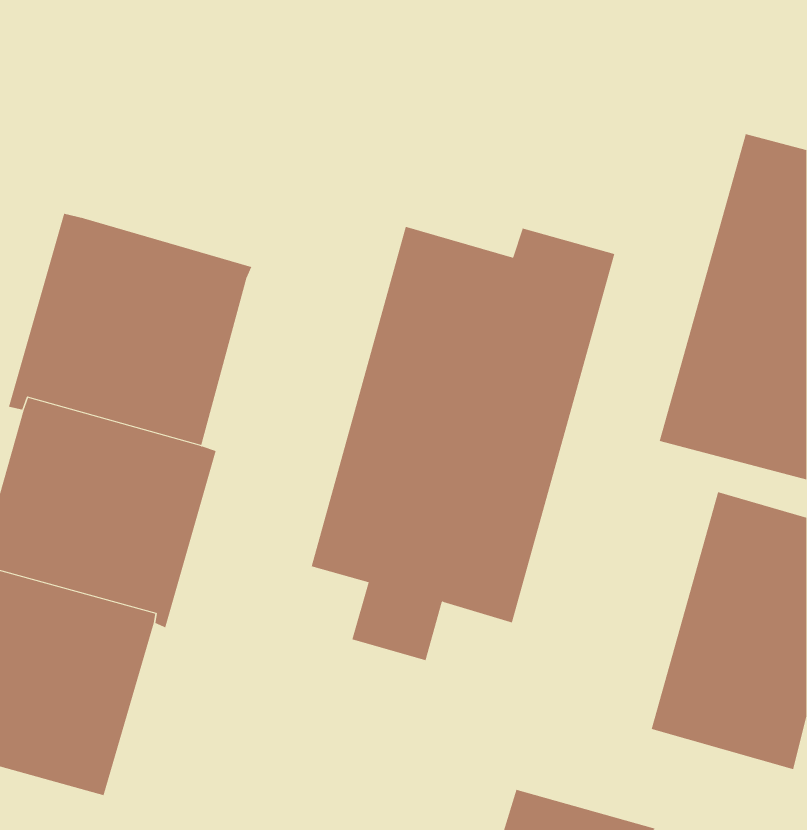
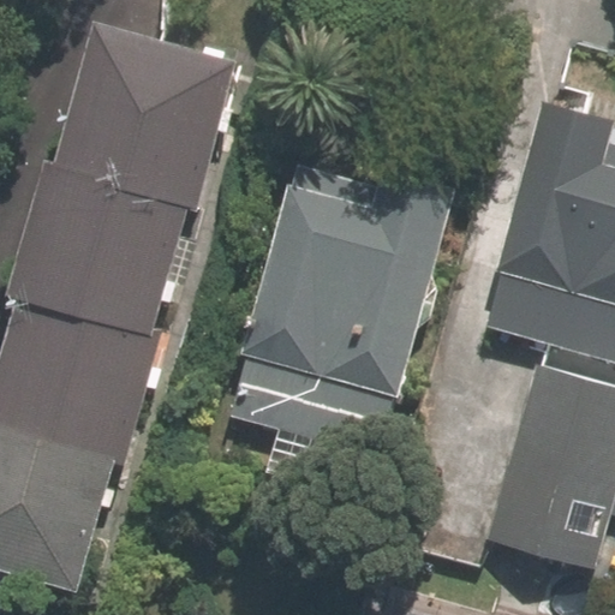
building: none -> [62,20,237,210]

